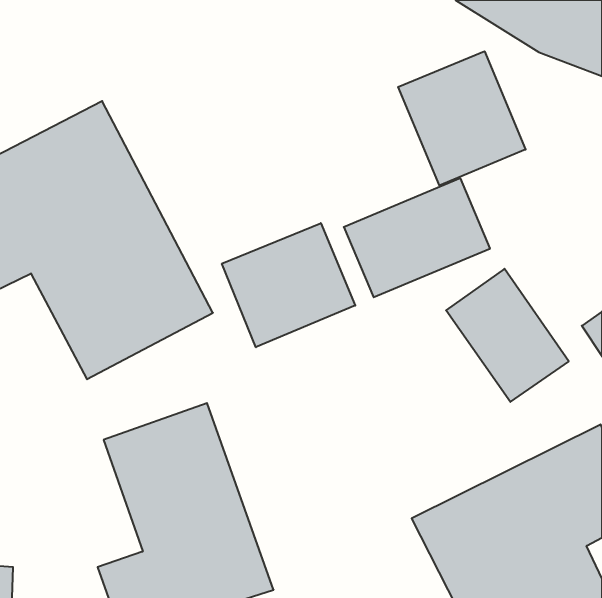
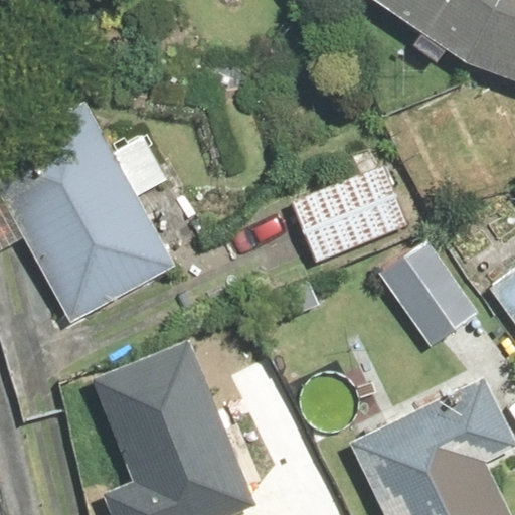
building: [398,51,526,185] -> none
building: [222,223,355,347] -> none

